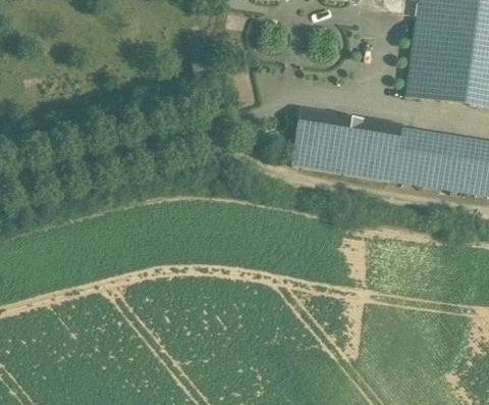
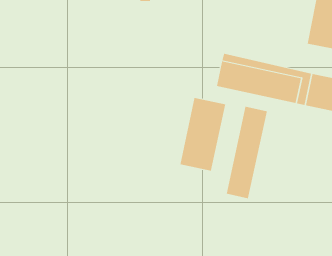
building: none -> [180,97,226,172]
building: none -> [226,106,267,199]

